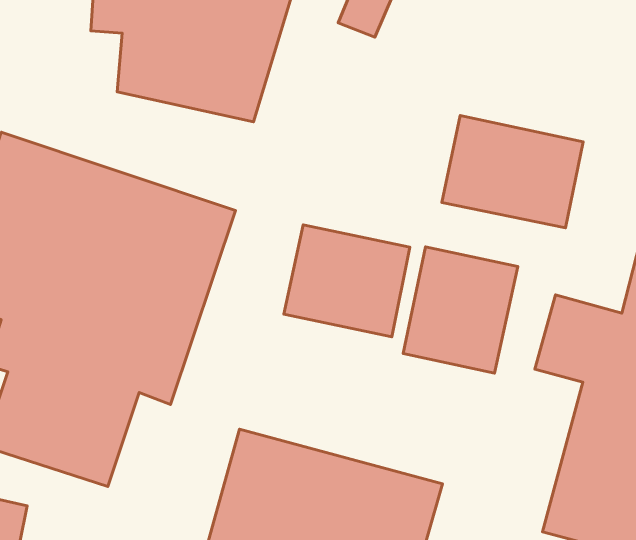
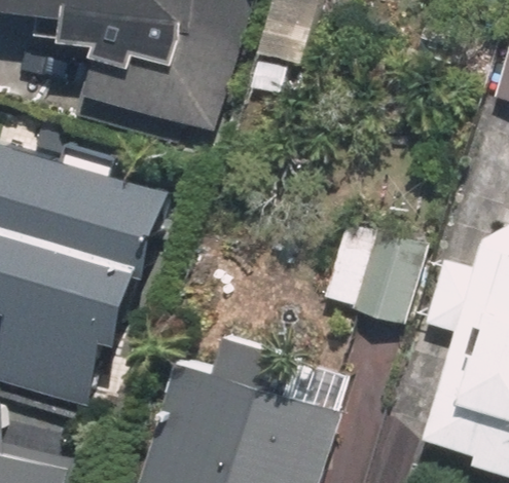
building: [442,115,583,228] -> none
building: [284,225,410,337] -> none

